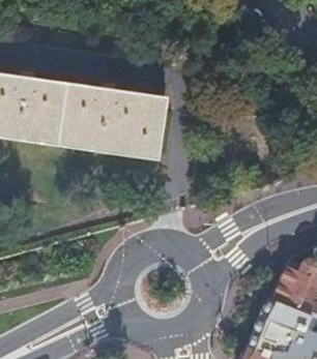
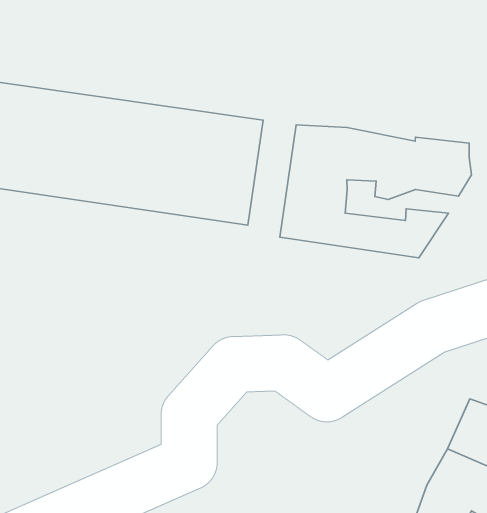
building: none -> [280,125,471,258]

